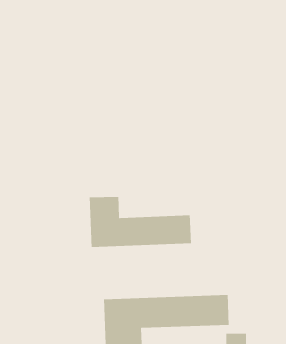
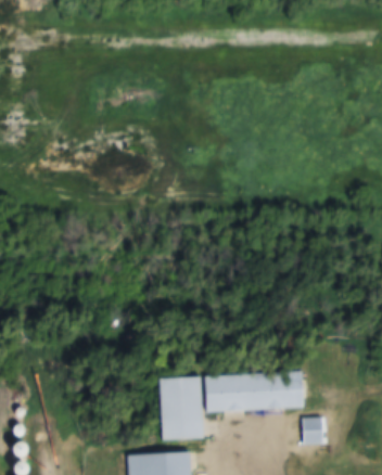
building: [89,196,192,248] -> none

